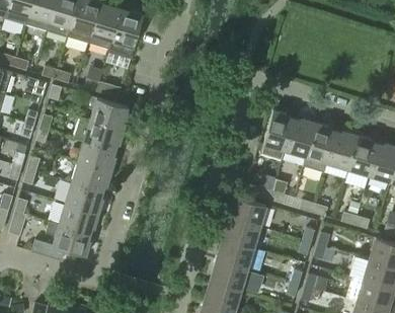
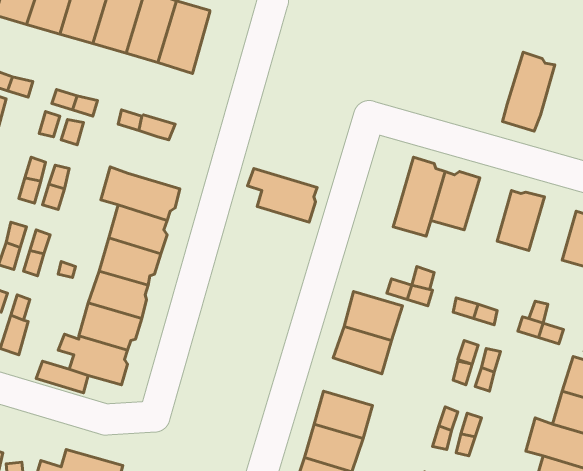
building: [84,96,129,131] -> [248,169,317,222]
building: [303,124,336,174] -> [503,52,555,131]
building: [347,136,378,176] -> none
building: [216,239,253,269] -> none

